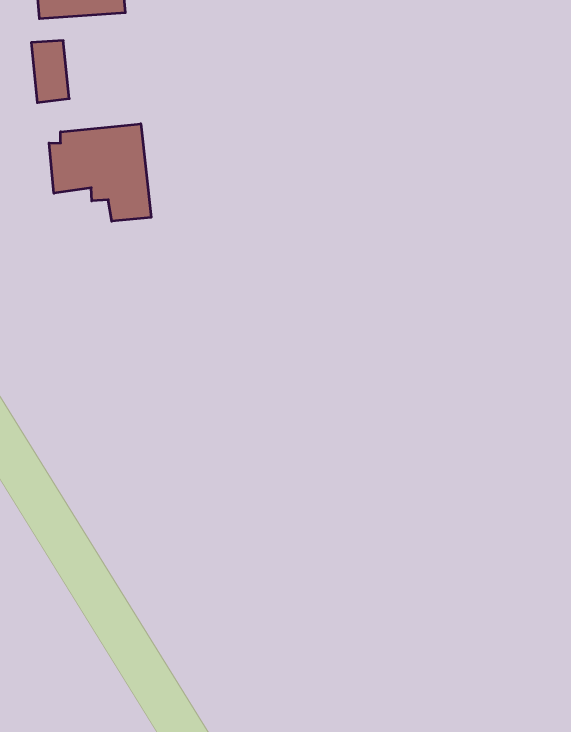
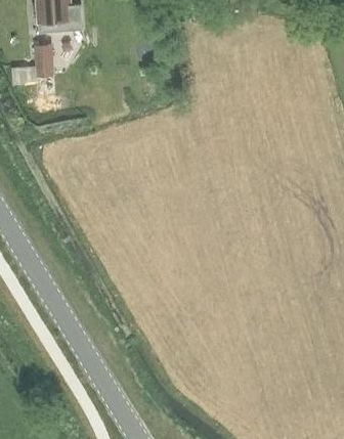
building: [49,124,151,221] -> none

